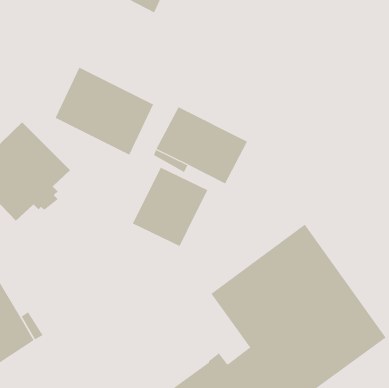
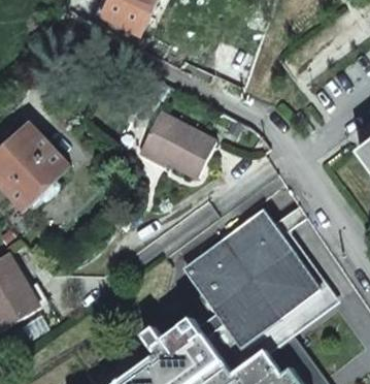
building: [55,67,154,156] -> none
building: [132,167,208,247] -> none

